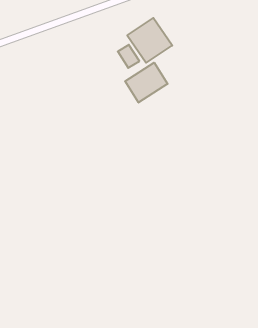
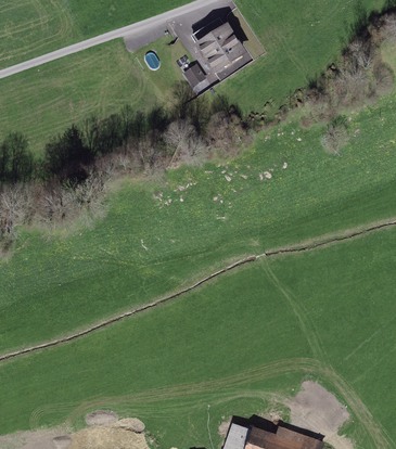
building: [125,63,168,103] -> none

